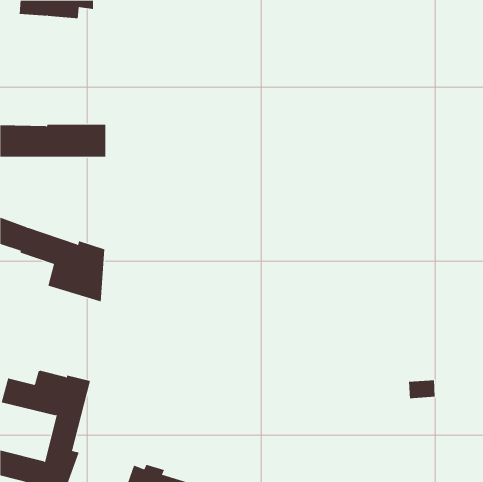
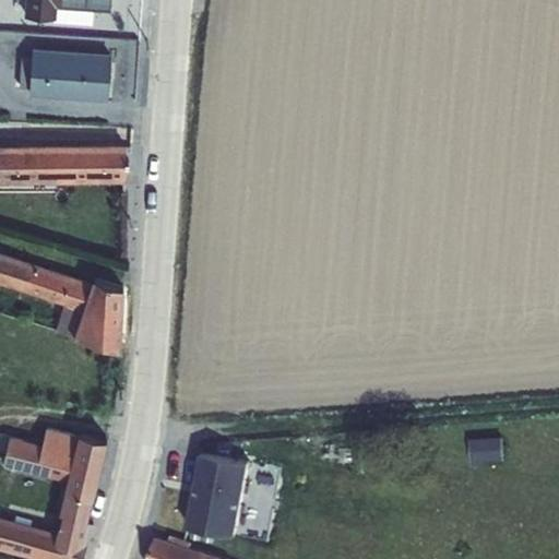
building: none -> [17,49,109,103]
building: none -> [188,455,248,536]

